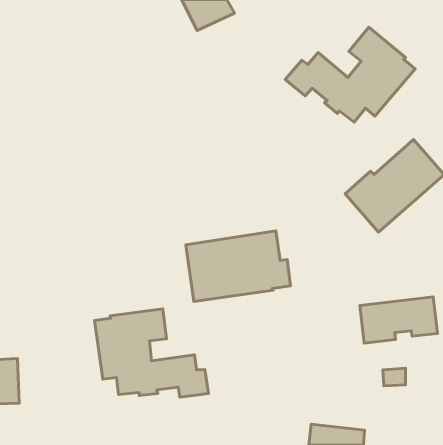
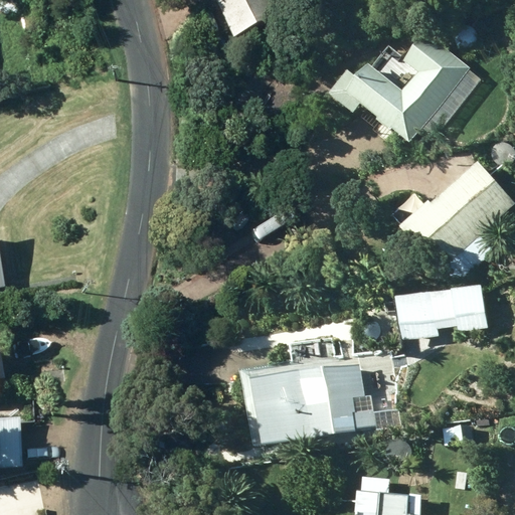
building: [186,231,291,301] -> [253,361,374,443]
building: [360,297,437,343] -> [396,285,486,338]
building: [94,309,209,397] -> none

